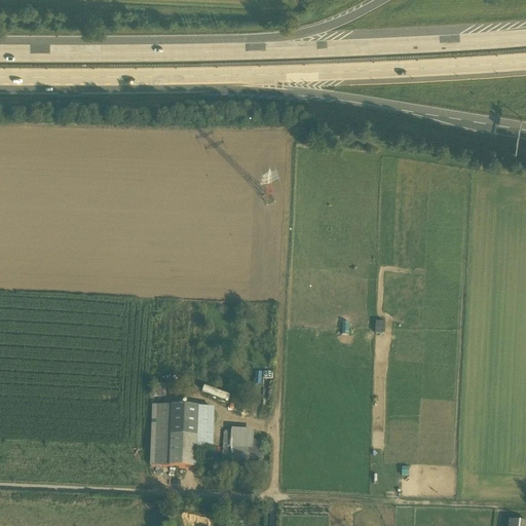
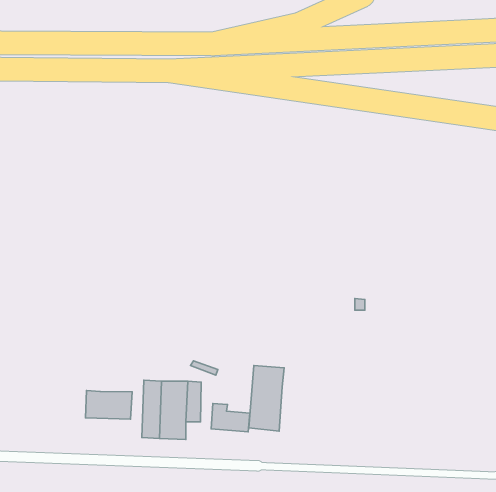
building: none -> [249,366,284,431]
building: none -> [86,390,132,419]

